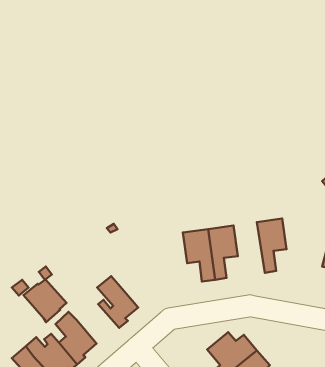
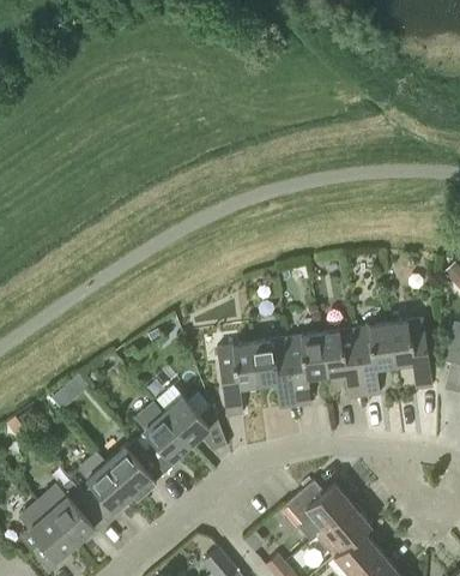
building: none -> [388,318,434,389]
building: none -> [321,328,364,400]
building: none -> [217,342,258,416]
building: none -> [163,396,218,445]
building: [24,279,66,322] -> [105,440,164,499]

